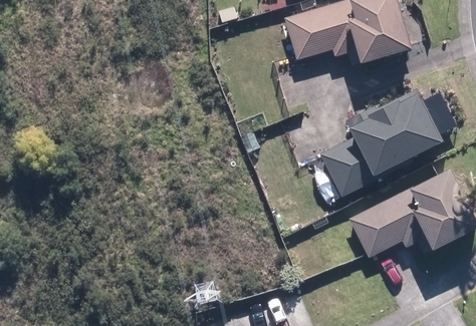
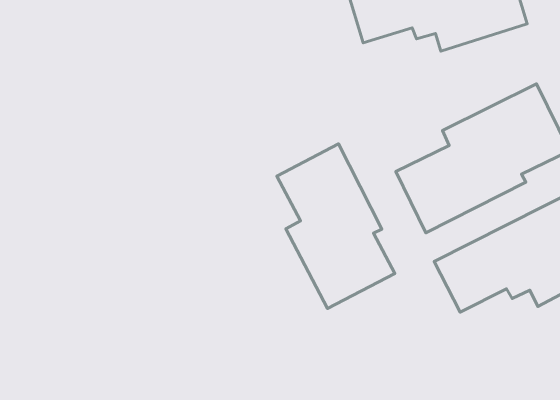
building: none -> [277,144,395,309]

